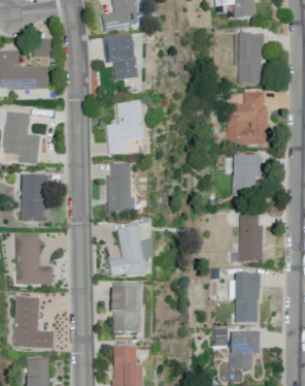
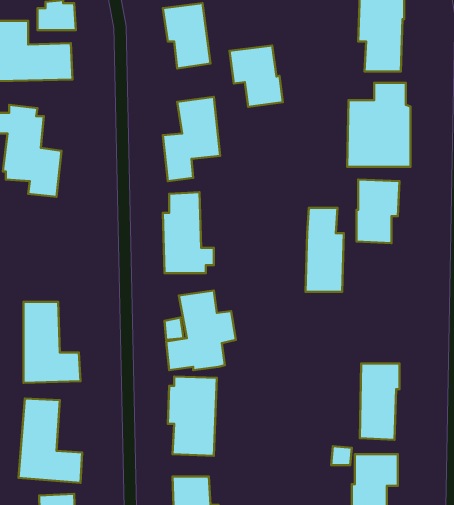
building: none -> [230,45,283,107]
building: [22,174,44,221] -> none
building: [239,207,264,262] -> [306,208,344,292]

